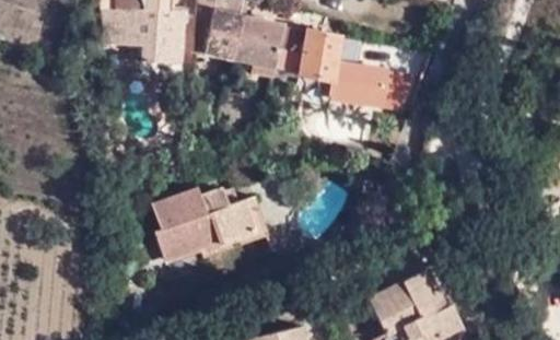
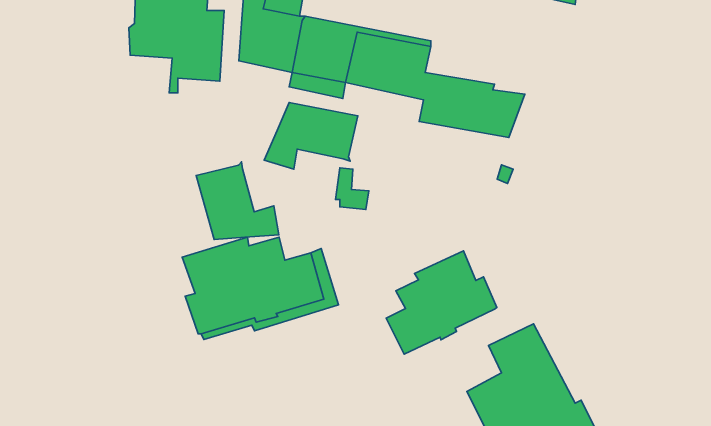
building: none -> [264,103,358,169]
building: none -> [196,162,279,240]
building: none -> [386,251,497,354]

